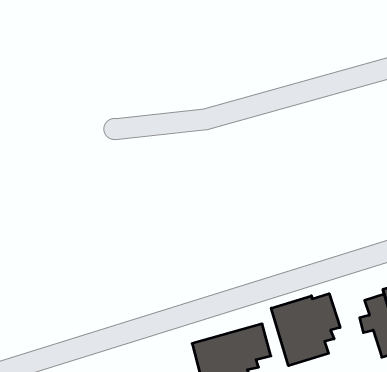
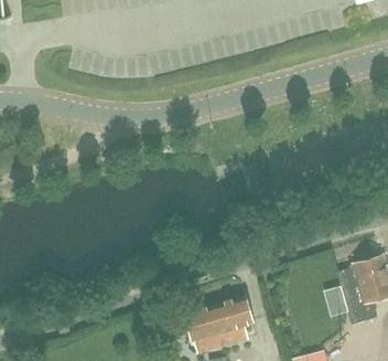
building: [271,294,340,366] -> none

